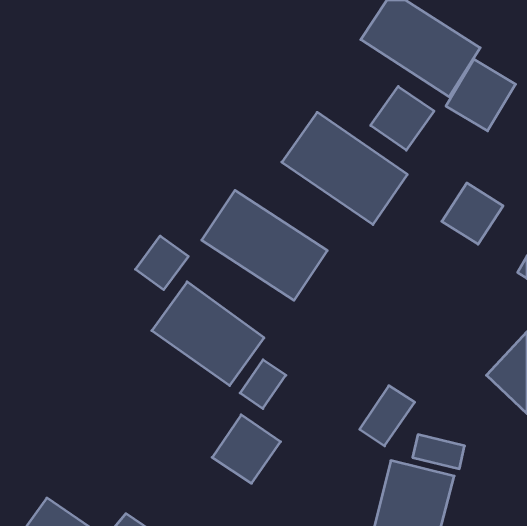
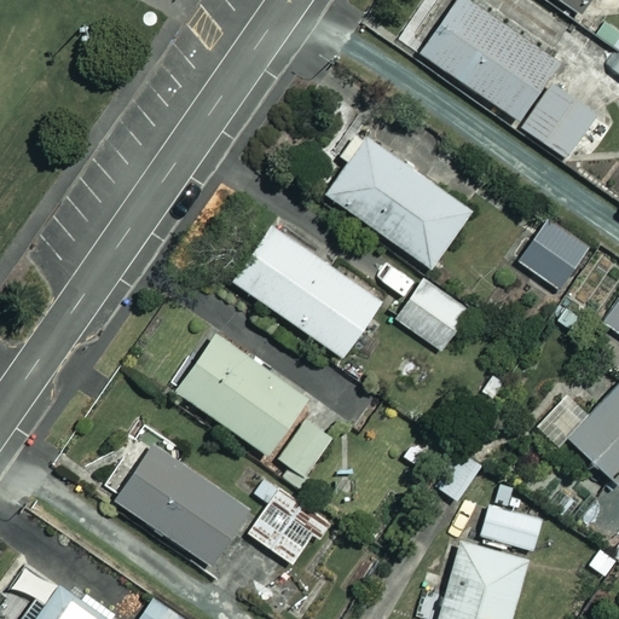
building: [371,86,434,150] -> none
building: [135,236,188,290] -> none
building: none -> [394,282,467,353]
building: none -> [114,445,247,565]

